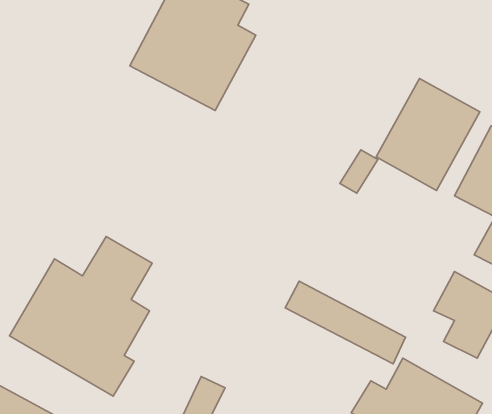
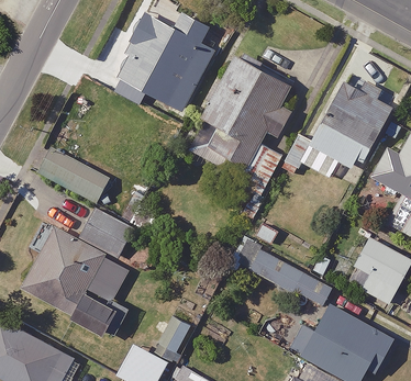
building: none -> [188,53,291,195]
building: none -> [38,149,110,204]

